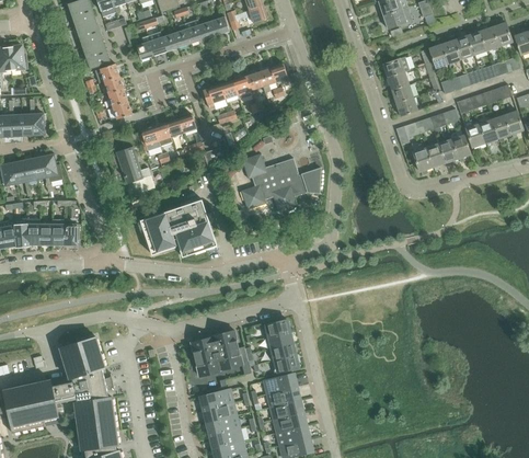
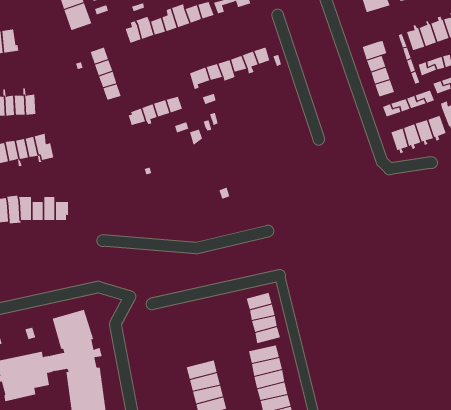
building: [80,39,110,70] -> none
building: [116,147,153,192] -> none
building: [241,153,320,210] -> none
building: [139,199,217,256] -> none
building: [191,330,241,376] -> none

